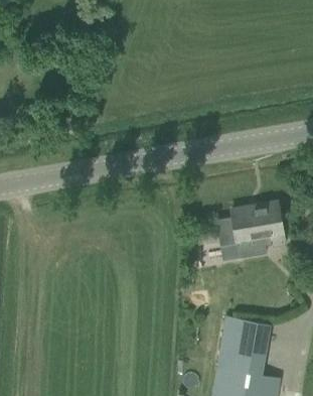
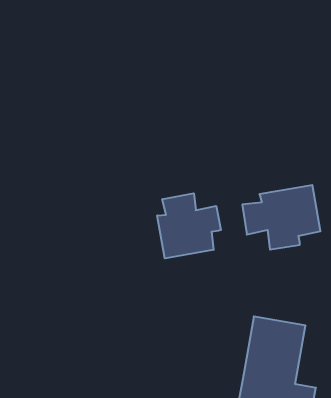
building: none -> [157,193,221,258]

